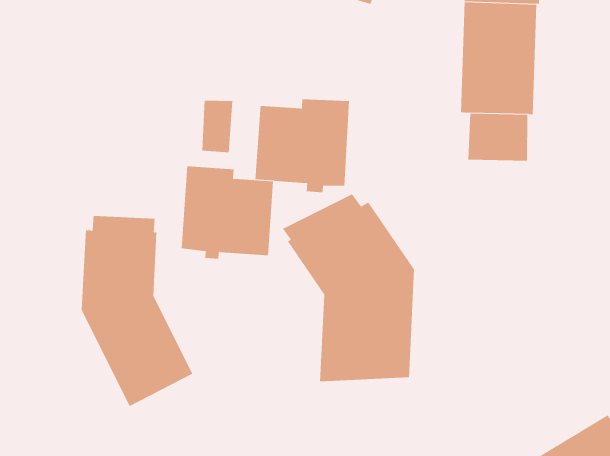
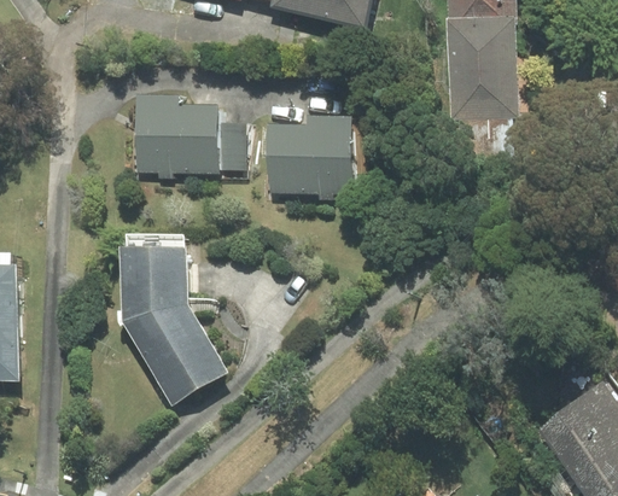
building: [181,166,274,259] -> [138,97,217,179]
building: [282,194,414,382] -> none

